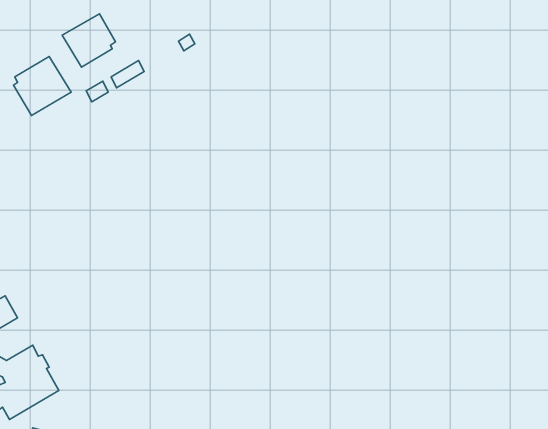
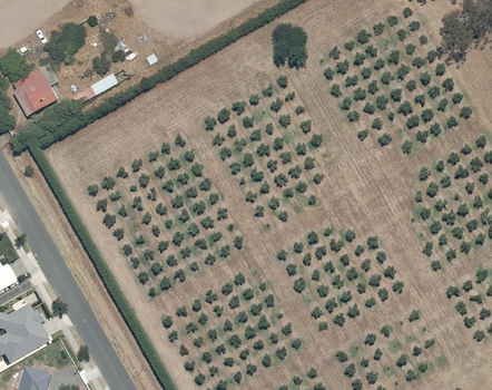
building: [62,14,116,67] -> none

